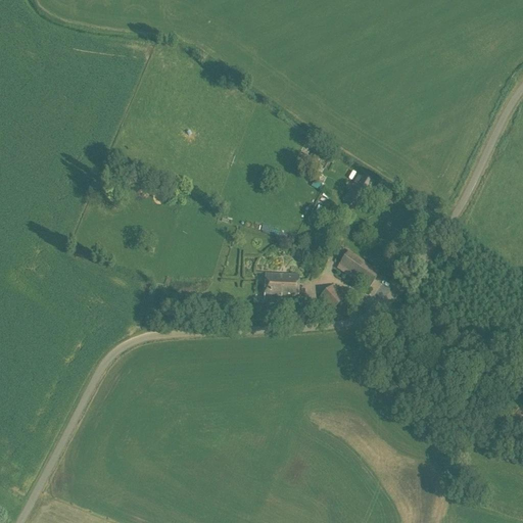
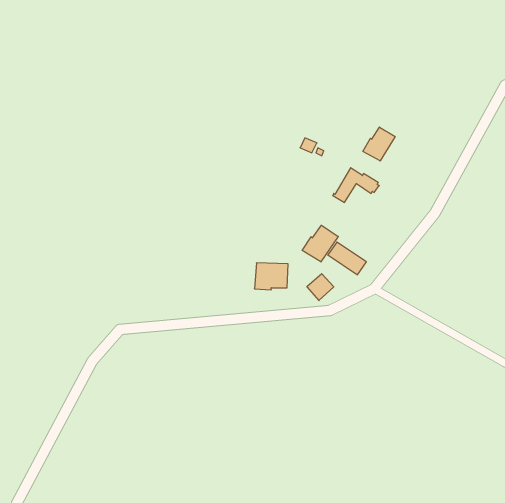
building: none -> [363,127,395,161]
building: none -> [302,225,338,262]

